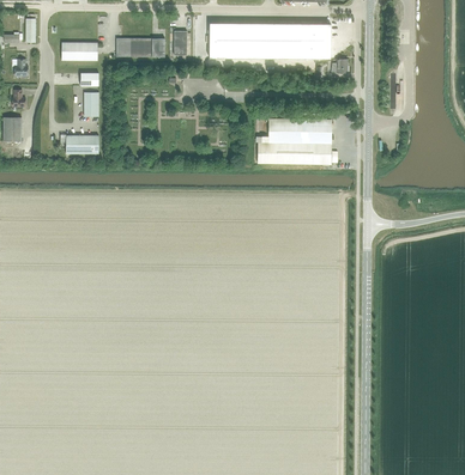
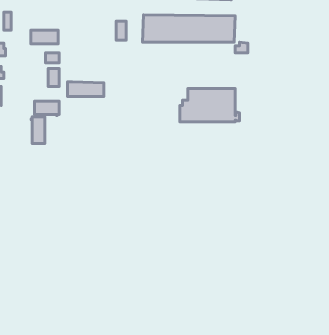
building: [116,37,164,56] -> [68,82,104,96]
building: none -> [31,117,45,143]

